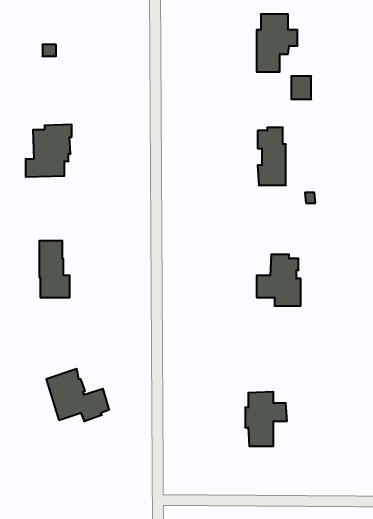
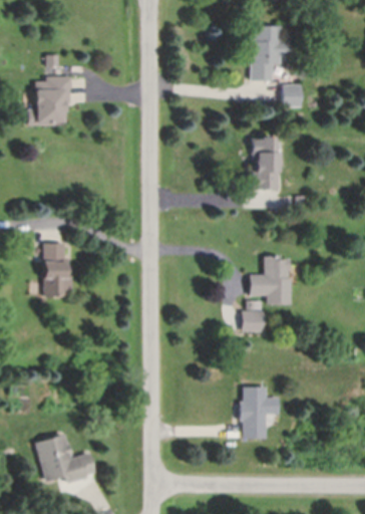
building: [26,124,72,177] -> [28,75,72,125]
building: none -> [243,300,266,332]
building: [46,369,109,421] -> [35,433,95,483]

